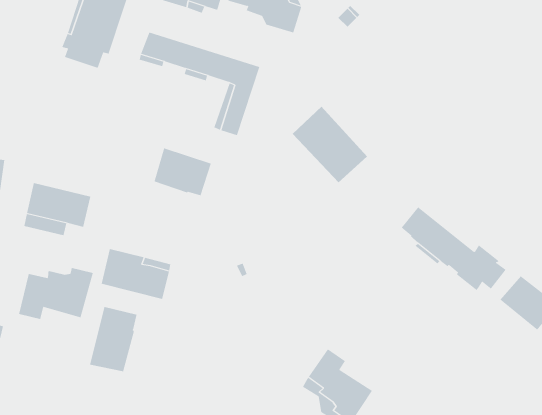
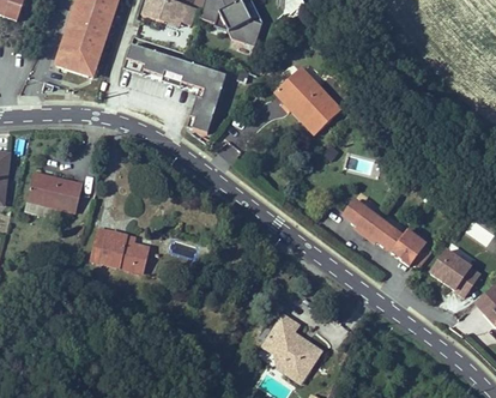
building: [292,106,368,183] -> [274,68,339,134]
building: [154,147,211,196] -> none
building: [19,267,93,320] -> none
building: [90,306,137,372] -> none

